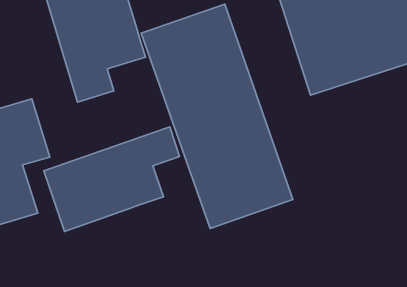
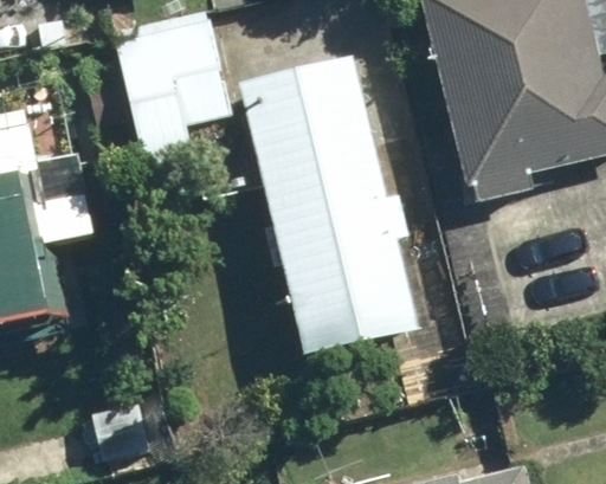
building: [44,127,180,231] -> none

